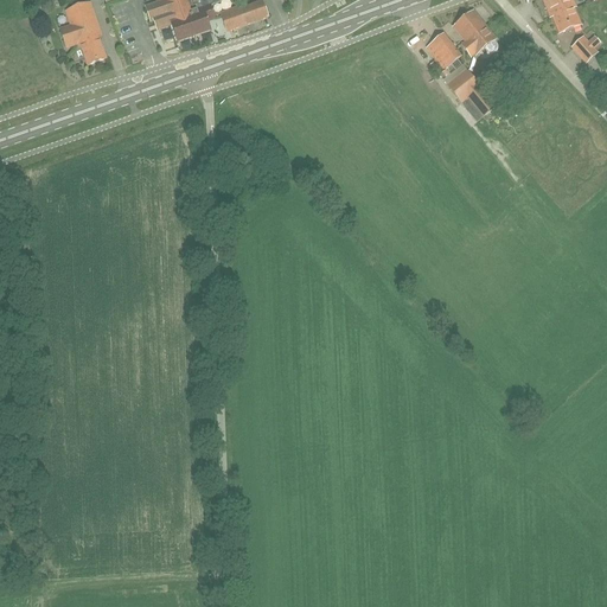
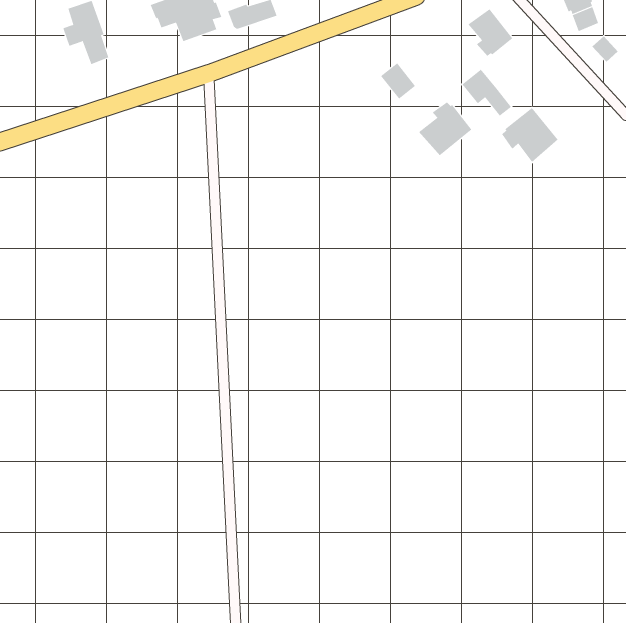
building: [426,32,460,68] -> [380,63,416,99]
building: none -> [418,101,472,156]
building: none -> [502,107,558,163]

